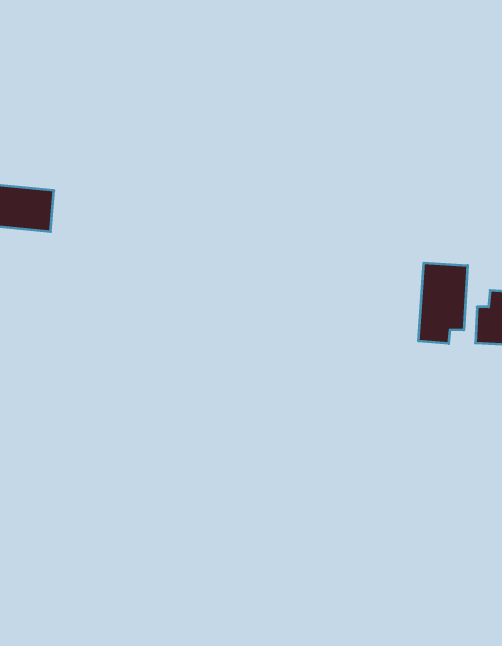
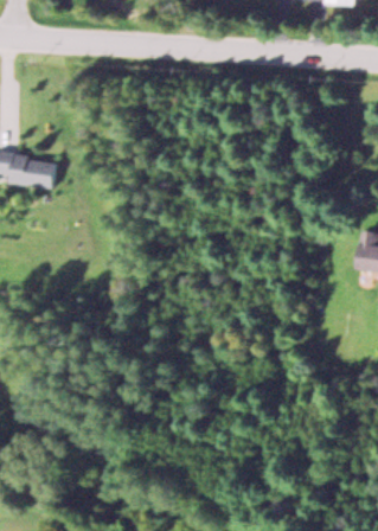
building: [419,263,468,344] -> none

